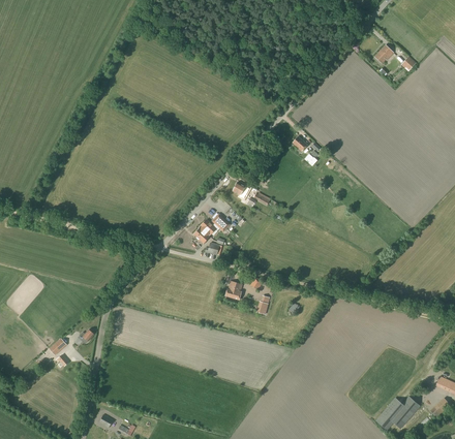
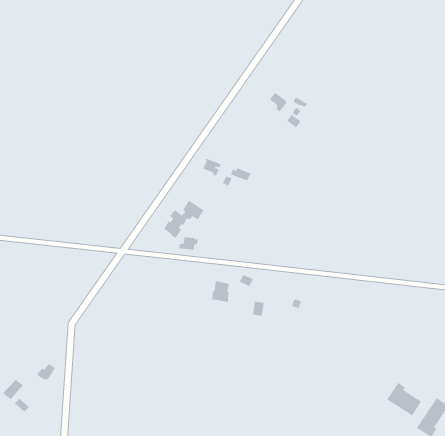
building: none -> [386,382,422,416]

